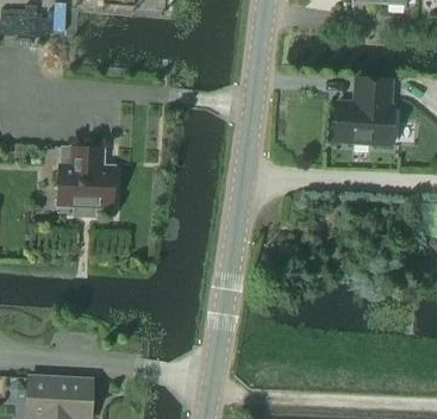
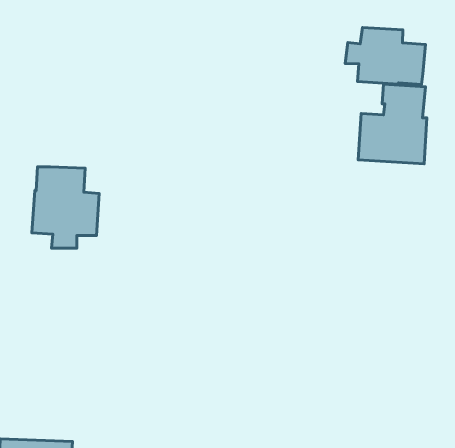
building: none -> [345,27,426,84]

